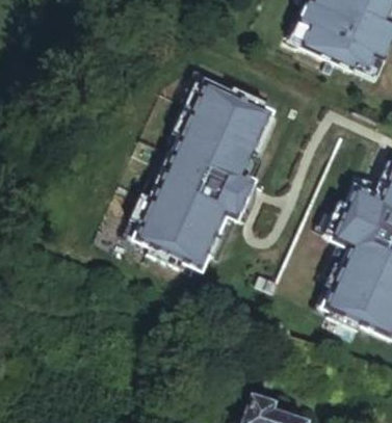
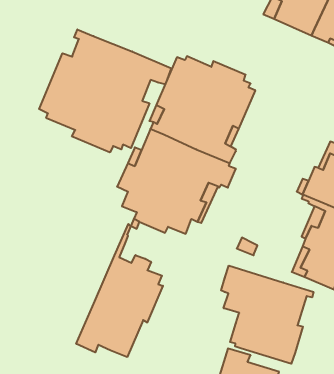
building: none -> [39,29,171,152]
building: none -> [76,224,163,357]
building: none -> [221,266,313,364]

